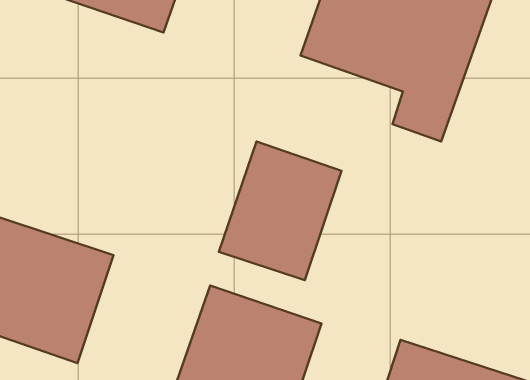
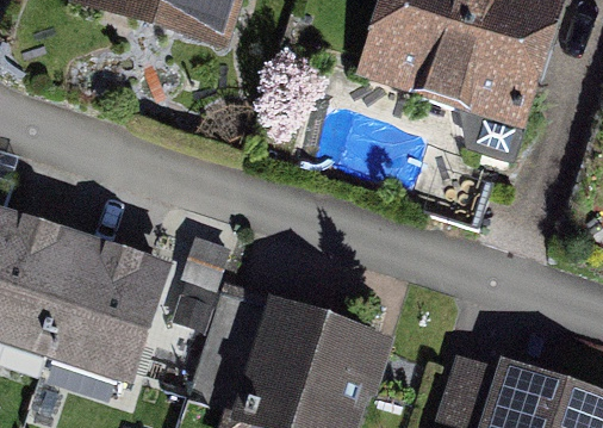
building: [219,142,342,280] -> none

